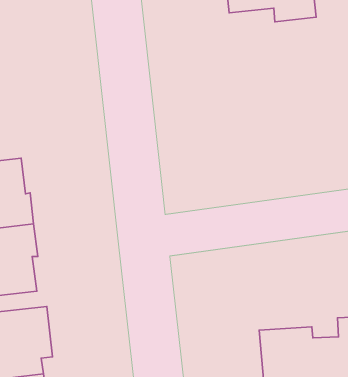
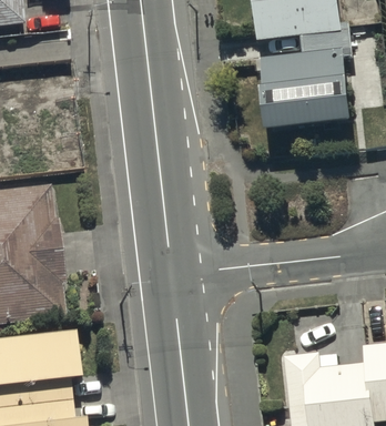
building: none -> [255,49,357,138]

